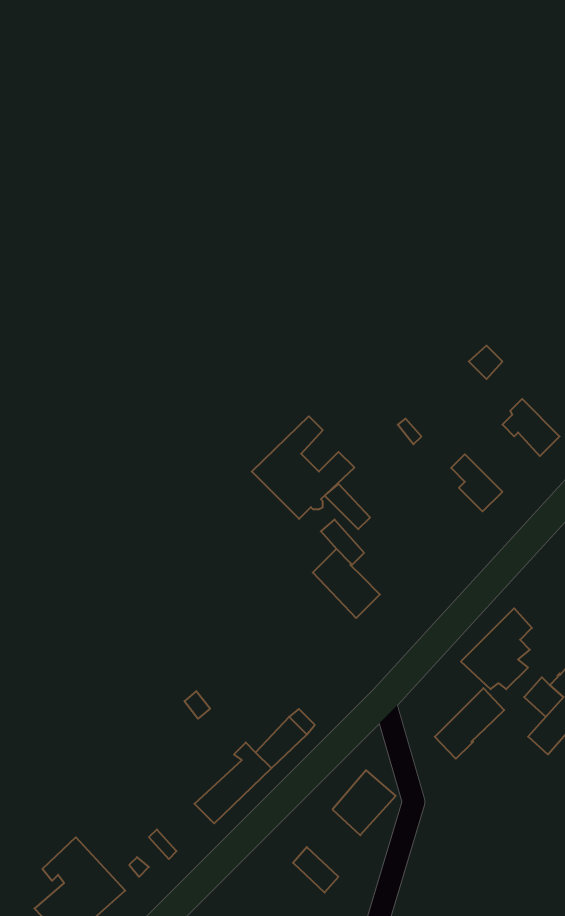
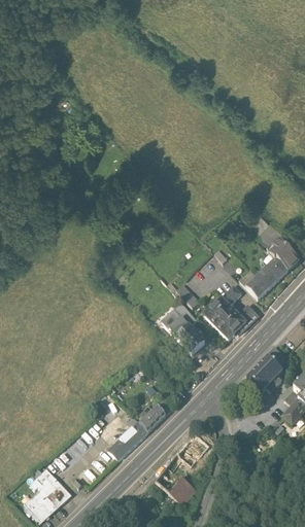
building: [252,416,354,519] -> [204,285,258,339]
building: none -> [257,256,289,287]
building: [435,688,504,759] -> none

